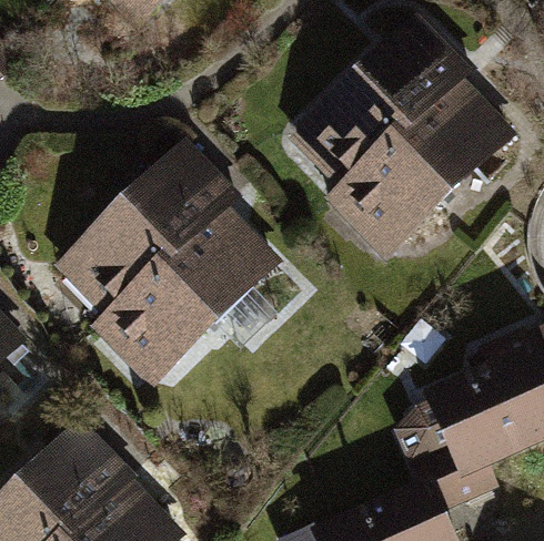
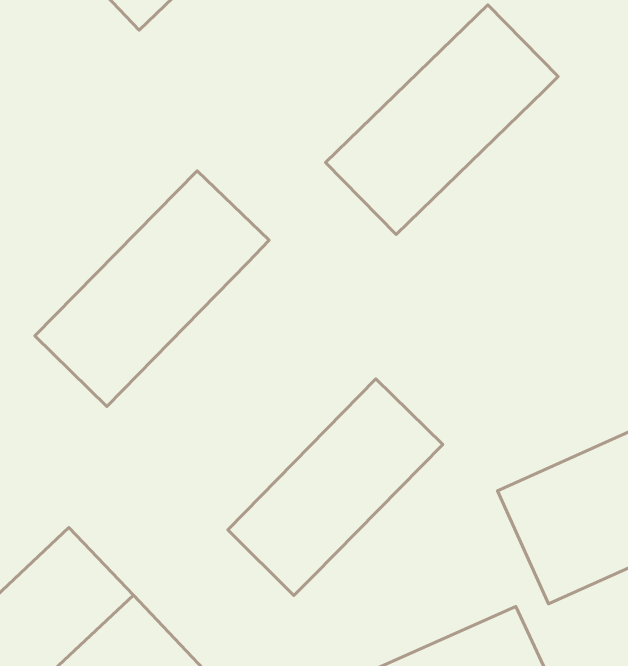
building: [320,73,515,267] -> none
building: [95,208,278,391] -> none
building: none -> [228,379,443,595]

